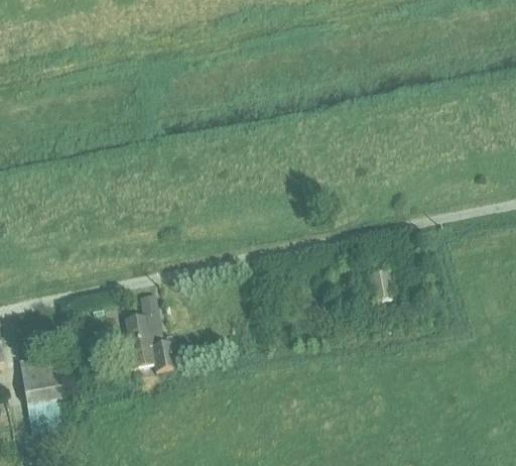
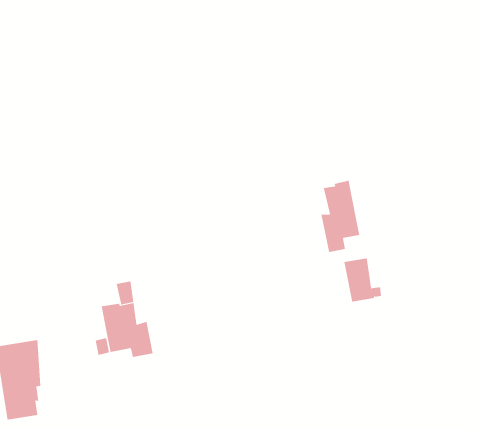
building: none -> [321,180,360,253]

